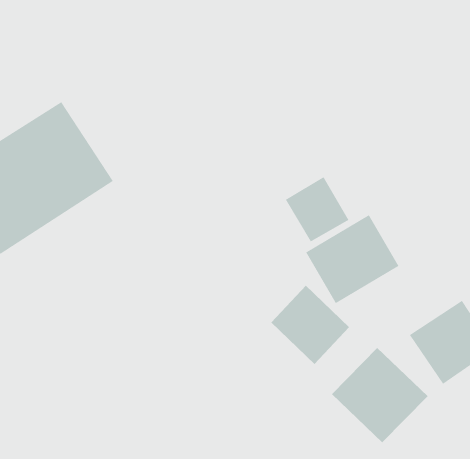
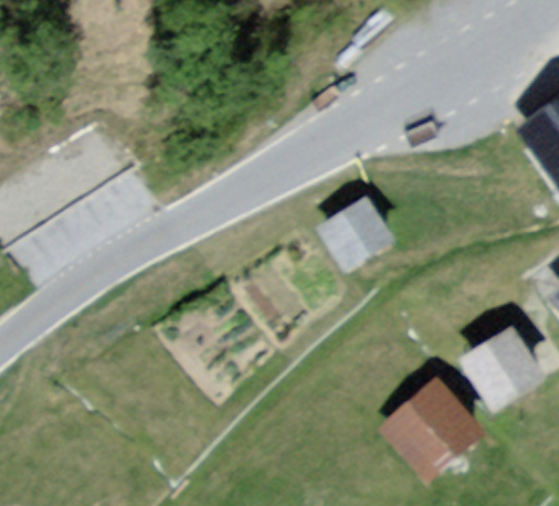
building: [305,214,400,304] -> none
building: [270,285,350,365] -> none

